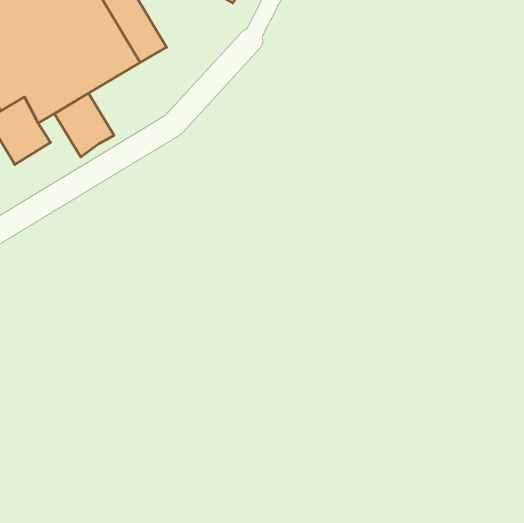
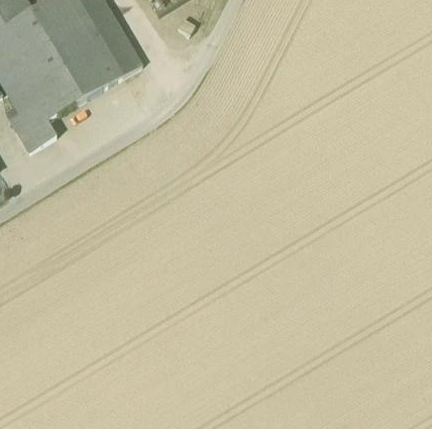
building: [54,93,114,157] -> none

